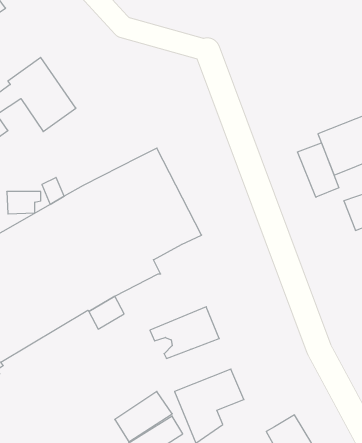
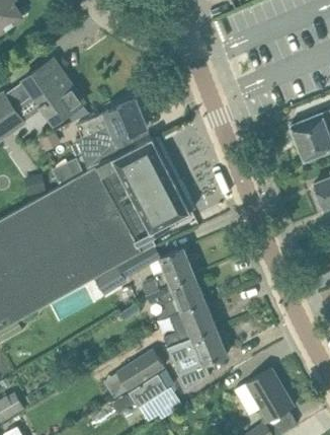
building: none -> [75,99,147,170]
building: [298,143,339,197] -> none
building: none -> [142,247,194,295]
building: none -> [164,302,216,348]

